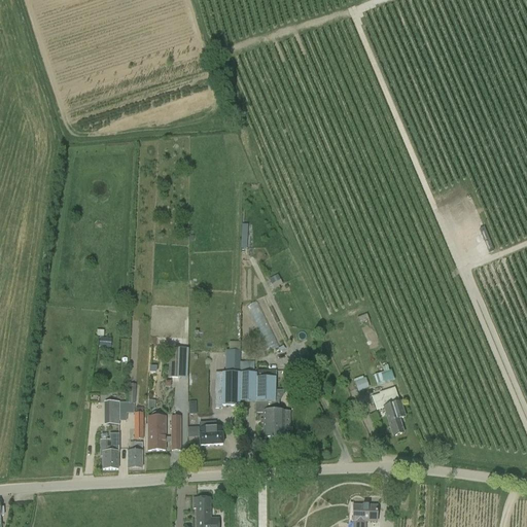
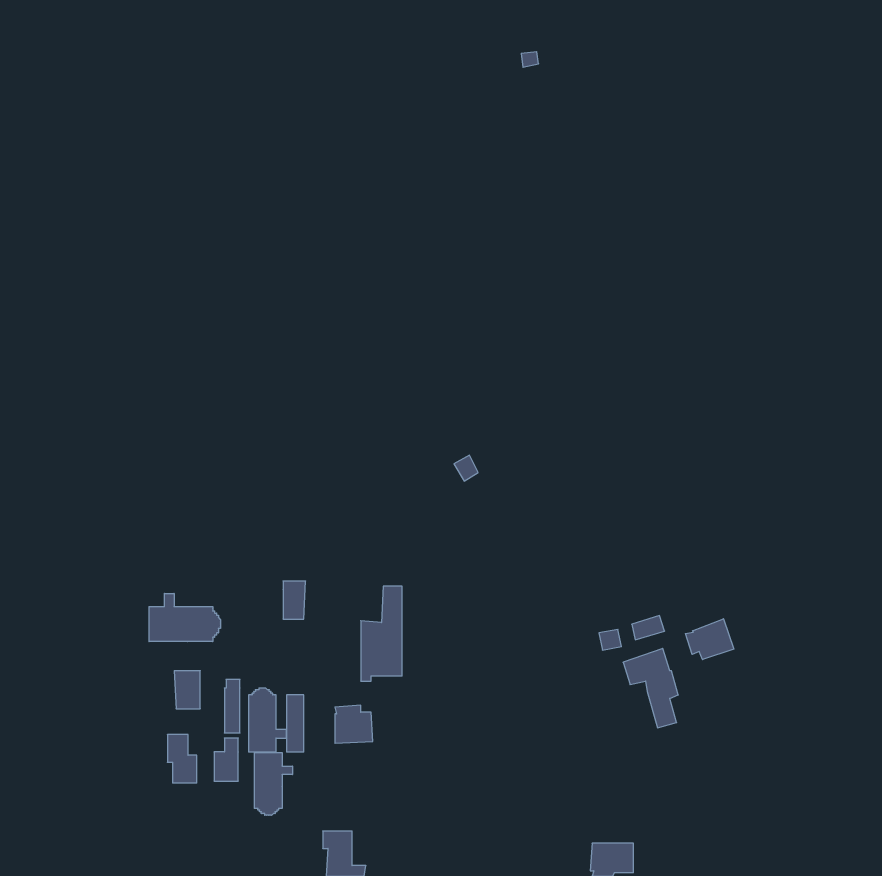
building: none -> [149,593,220,642]
building: [240,360,290,437] -> none
building: none -> [685,619,734,660]
building: none -> [254,753,292,815]

